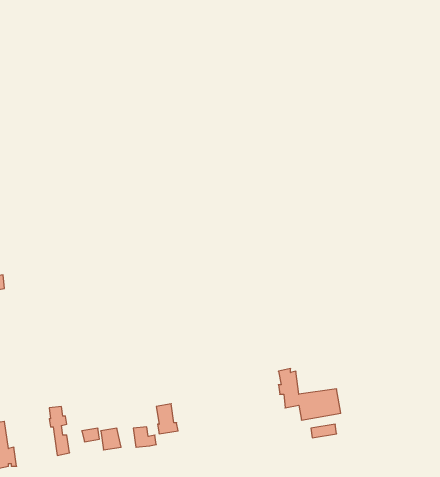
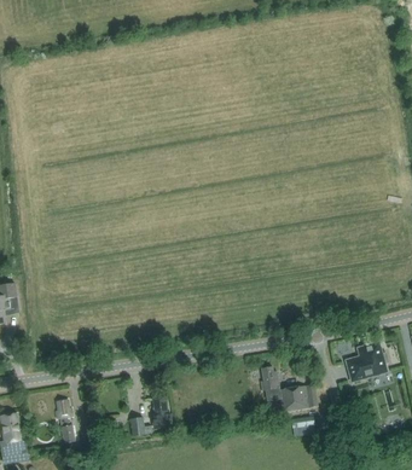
building: none -> [347,343,388,381]

